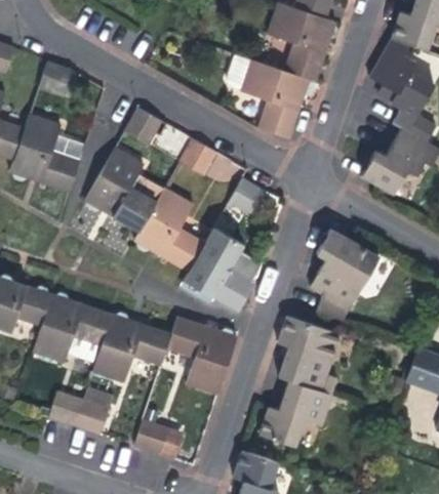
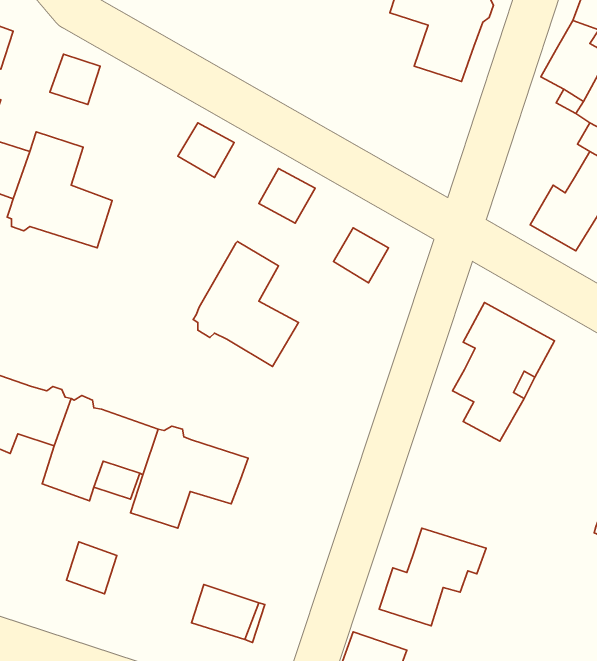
building: [241,60,311,137] -> none
building: [84,148,163,232] -> none
building: [184,227,254,312] -> none
building: [277,316,331,390] -> none
building: [166,317,237,394] -> none
building: [75,387,113,433] -> none

